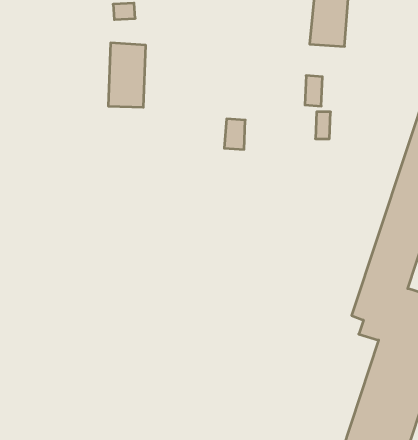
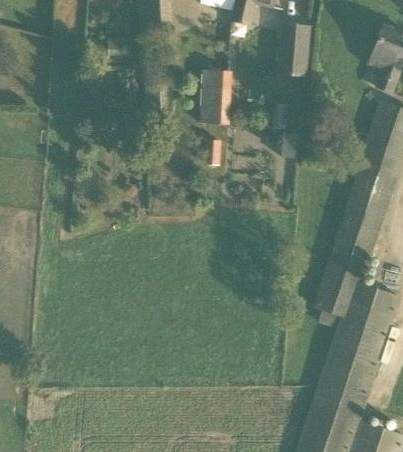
building: [108,43,146,107] -> [200,70,232,125]

